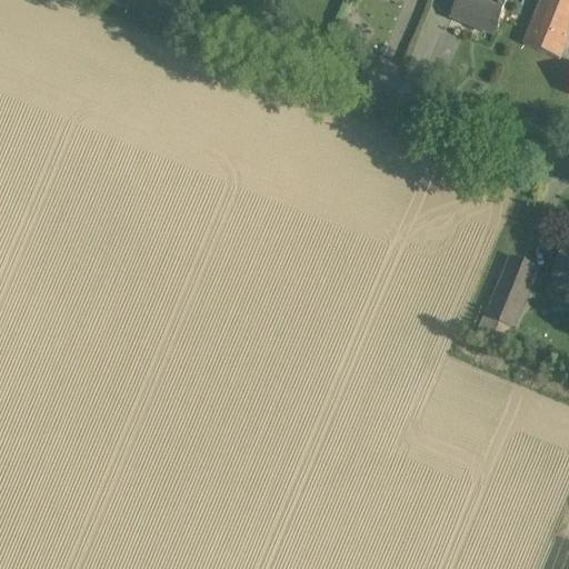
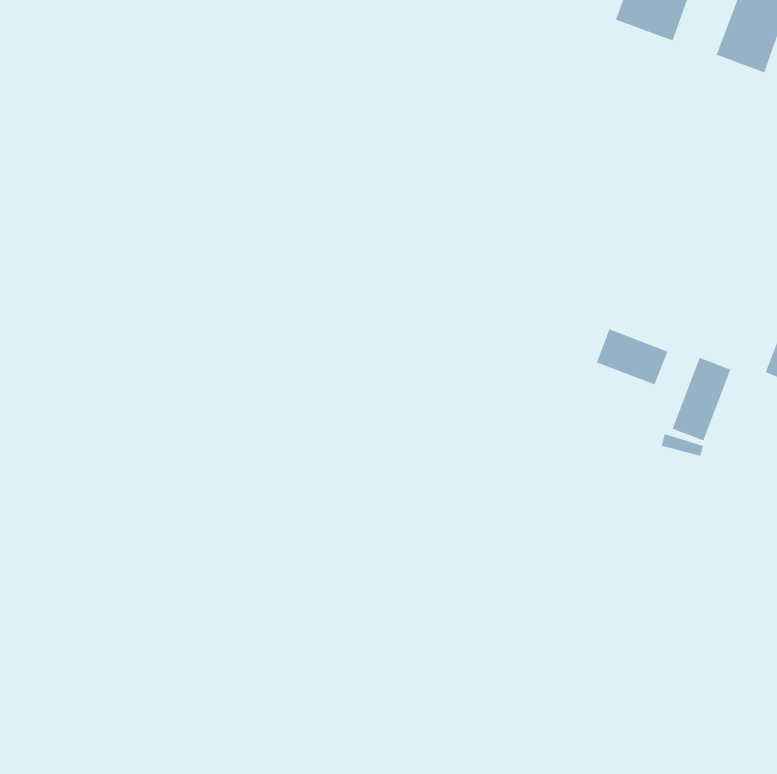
building: none -> [596,328,668,385]

